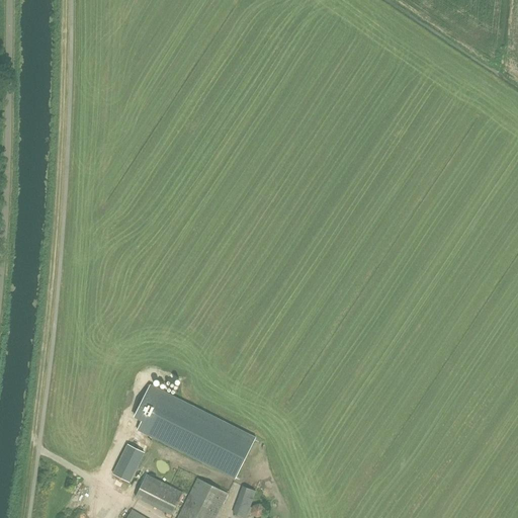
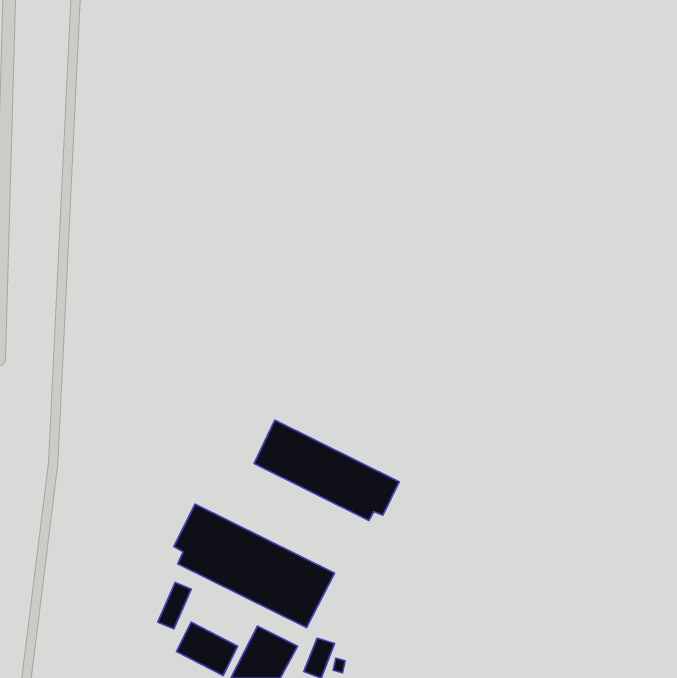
building: none -> [254,420,399,520]

